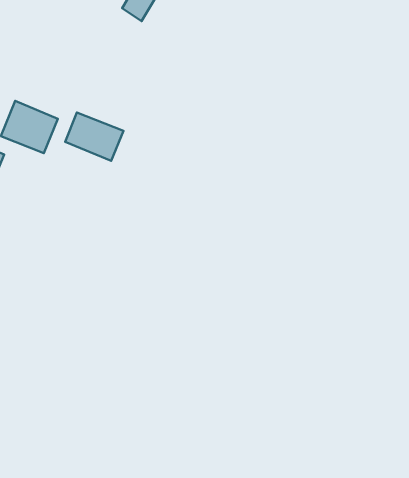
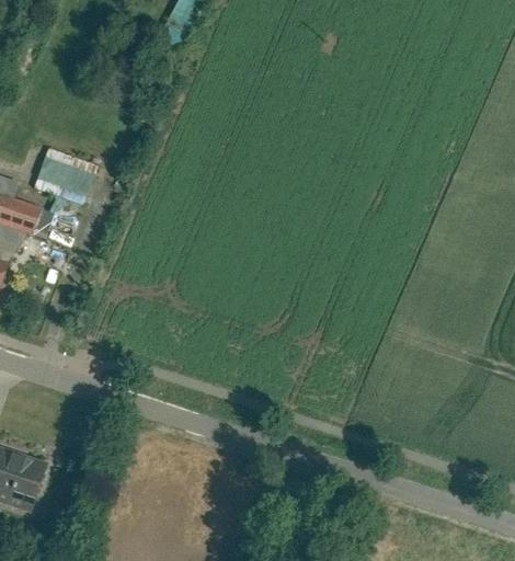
building: [65,112,123,161] -> none

